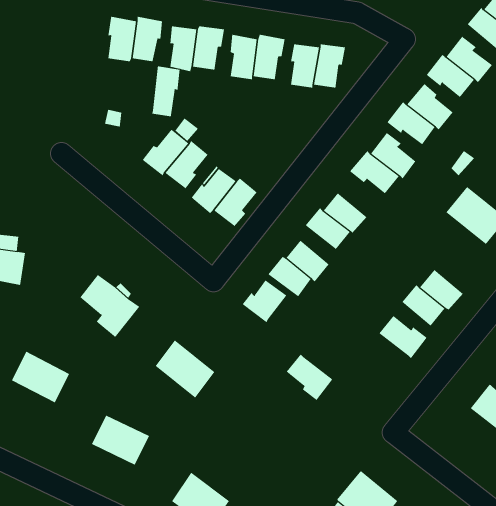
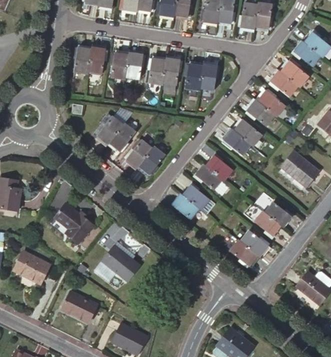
building: [152,65,180,117] -> none
building: [242,279,287,323] -> none
building: [286,353,333,401] -> [228,238,257,267]

